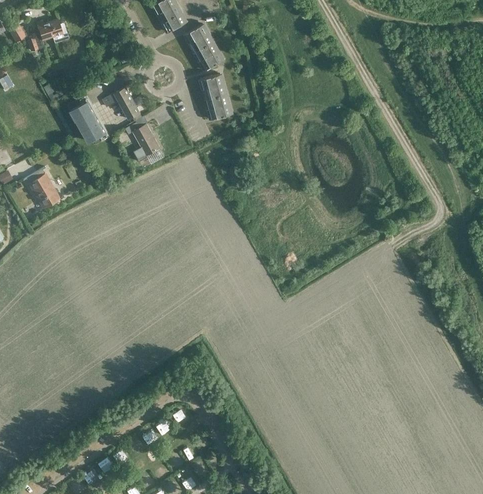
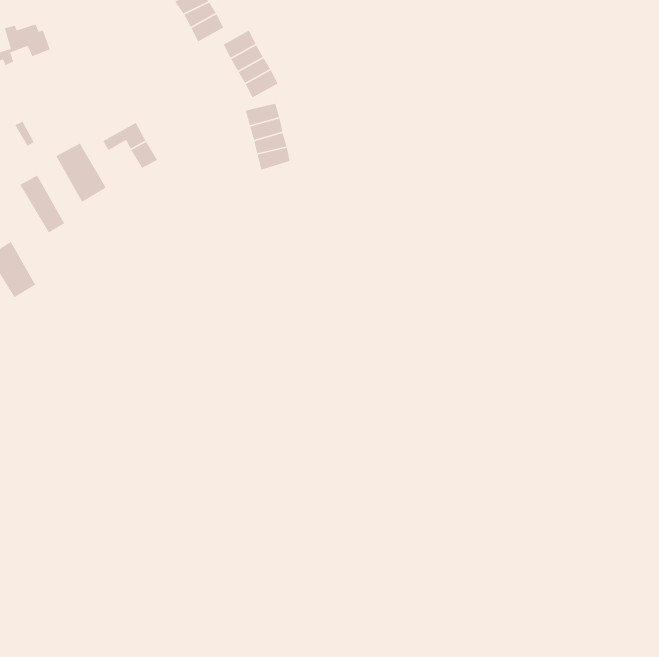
building: [125,122,159,156] -> none
building: none -> [19,174,65,233]

